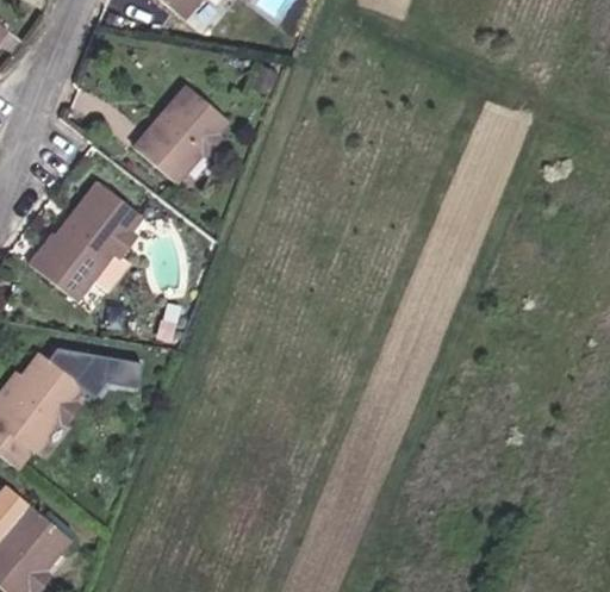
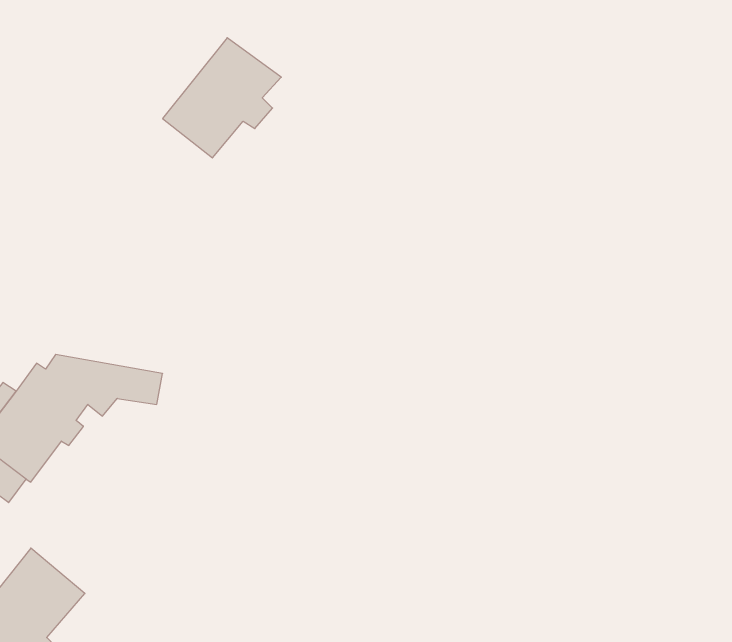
building: [25,182,144,304] -> none

